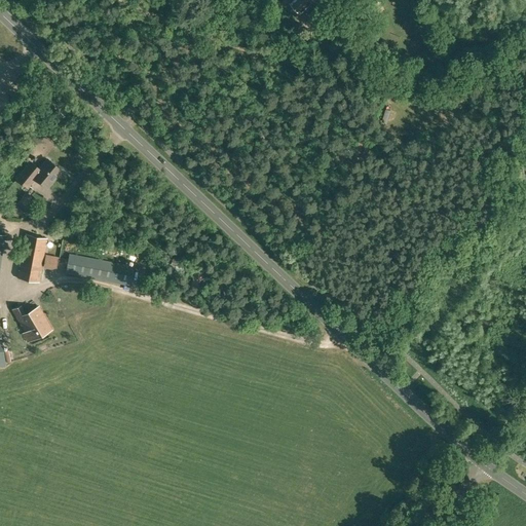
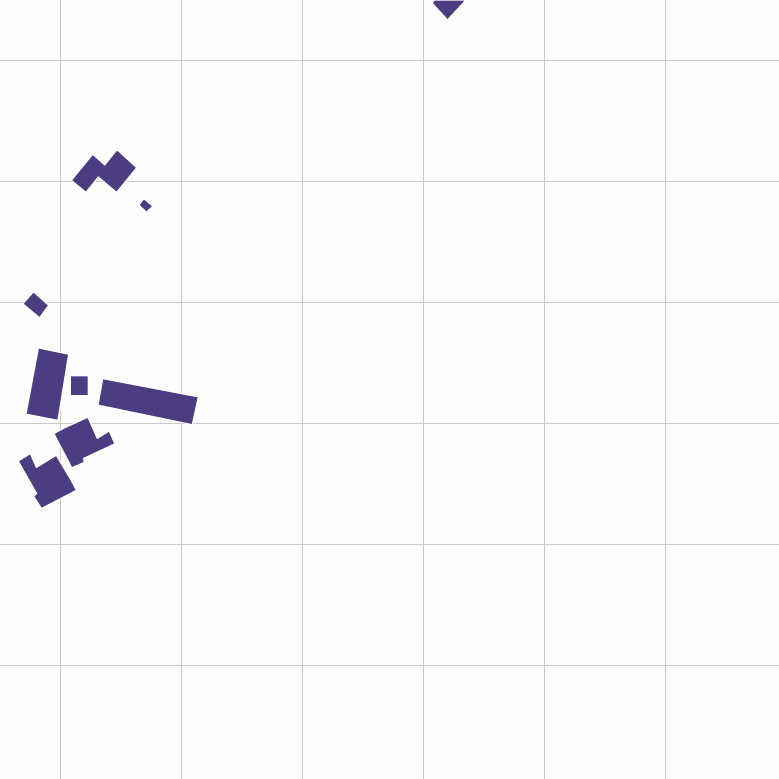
building: [17,159,62,188] -> [71,150,137,192]
building: none -> [54,417,115,468]

